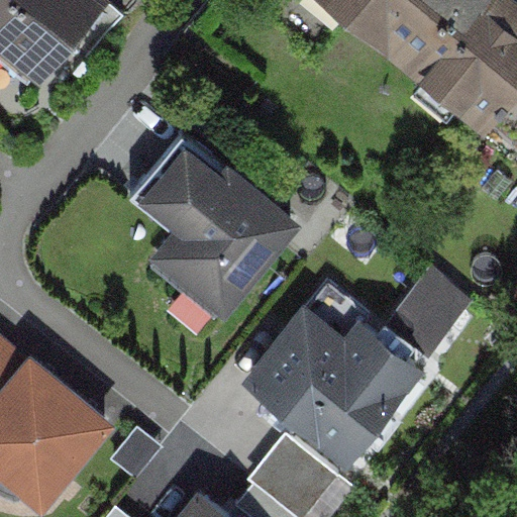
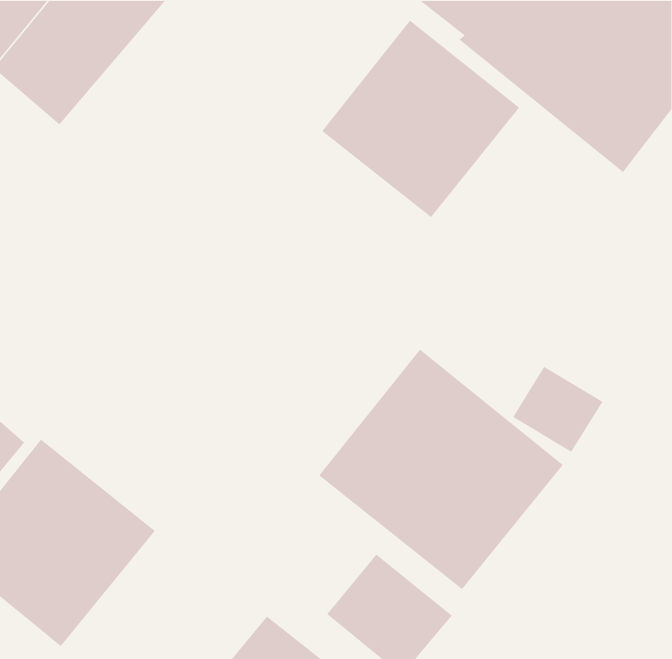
building: none -> [321,20,520,218]
building: [127,126,302,313] -> none

